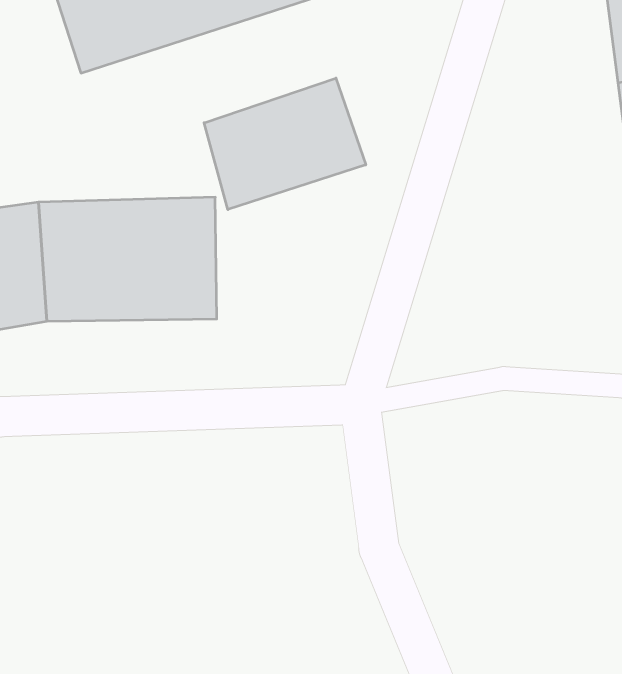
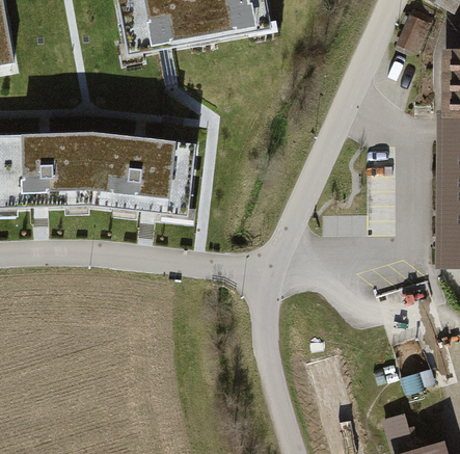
building: [204,78,366,210] -> none

